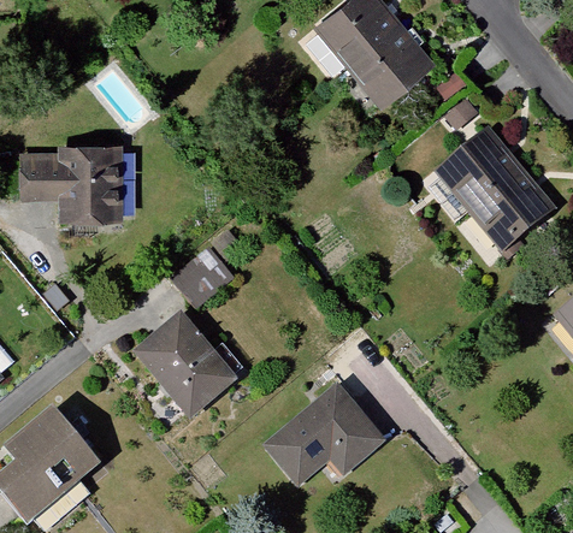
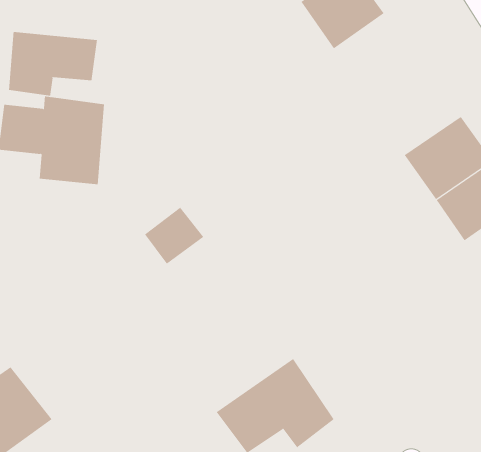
building: [353,25,433,105] -> none
building: none -> [8,31,98,97]
building: [131,313,240,424] -> none

